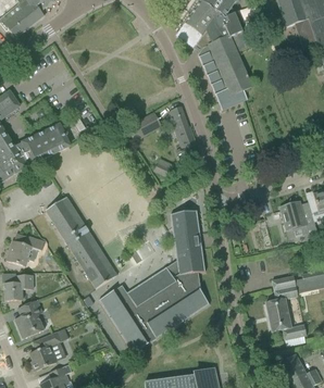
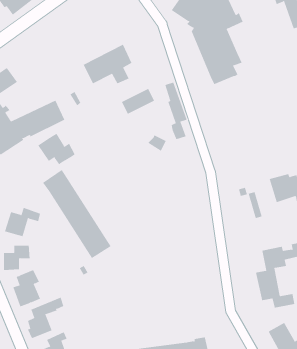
building: none -> [83,44,132,84]
building: none -> [37,133,76,165]
building: [98,210,209,352] -> none

